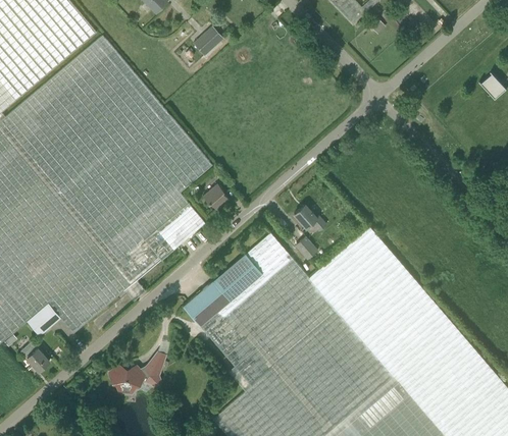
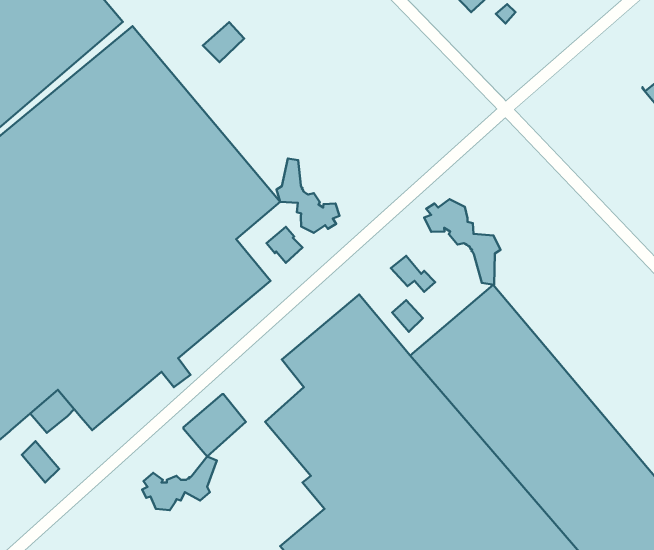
building: [192,26,222,56] -> [203,22,244,62]
building: none -> [277,158,339,233]
building: none -> [424,199,500,285]
building: [183,281,228,327] -> [184,394,246,456]

